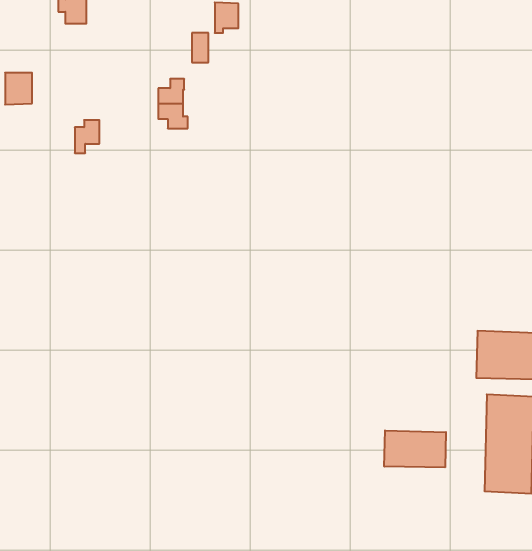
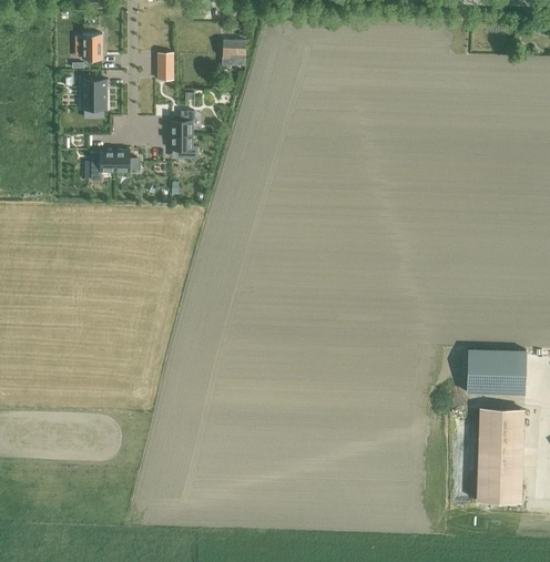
building: [192,33,208,62] -> [157,53,173,81]
building: [5,73,32,105] -> [81,80,106,110]
building: none -> [114,151,139,173]
building: [384,430,446,467] -> none

